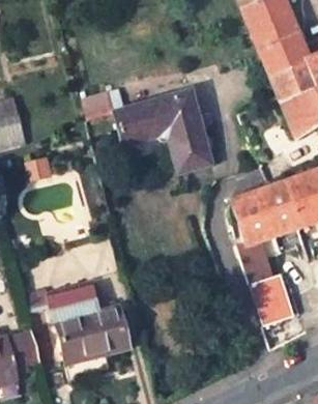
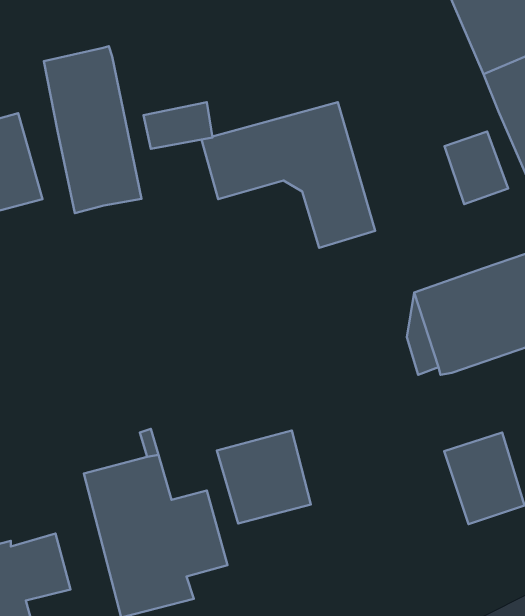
building: none -> [44,46,142,213]
building: none -> [444,131,508,204]
building: [237,241,282,285] -> none
building: none -> [217,430,311,523]

